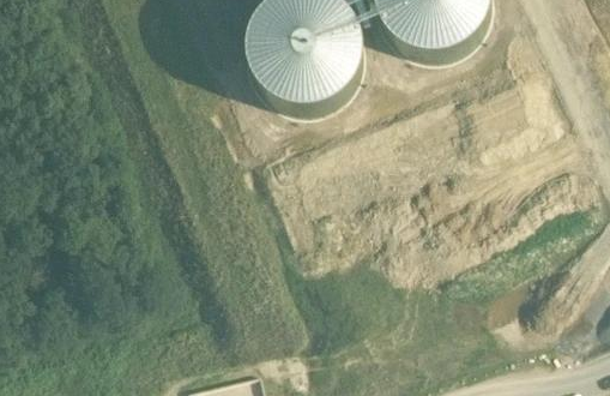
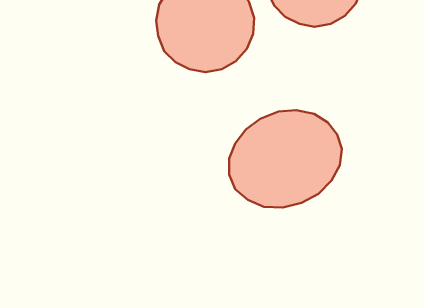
building: none -> [229,110,342,207]

